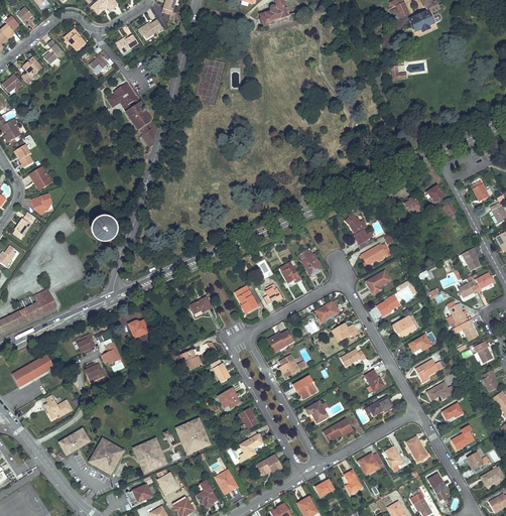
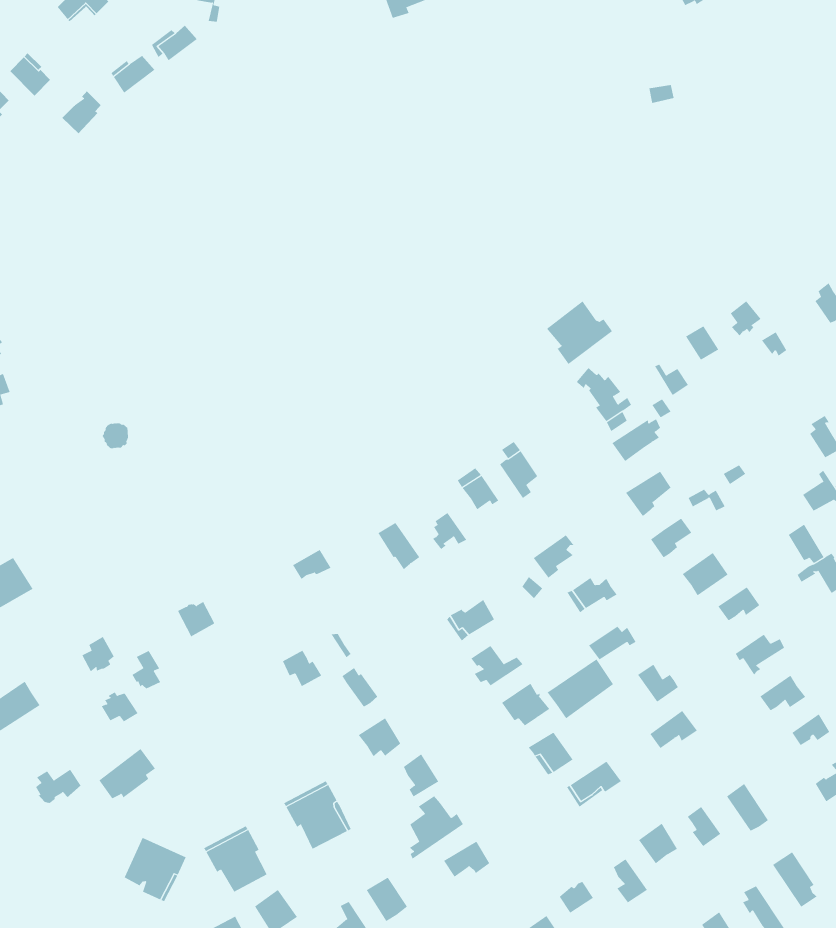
building: [109,81,158,147] -> none
building: none -> [546,301,613,365]
building: none -> [547,659,614,719]
building: [59,427,90,453] -> [99,748,156,799]

